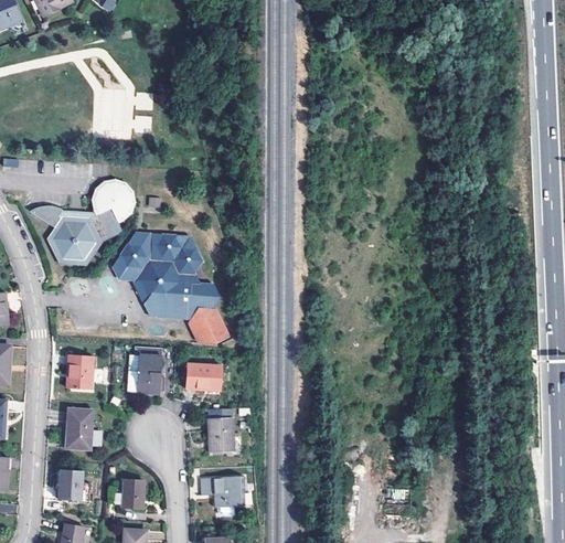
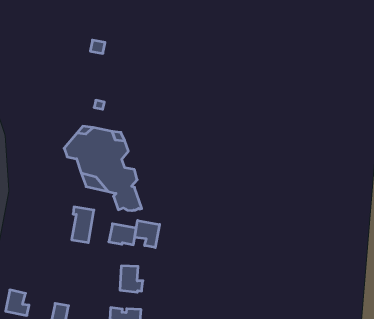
building: [29,181,131,266] -> none
building: none -> [135,220,160,248]
building: [66,354,94,388] -> none
building: [65,408,93,449] -> none

